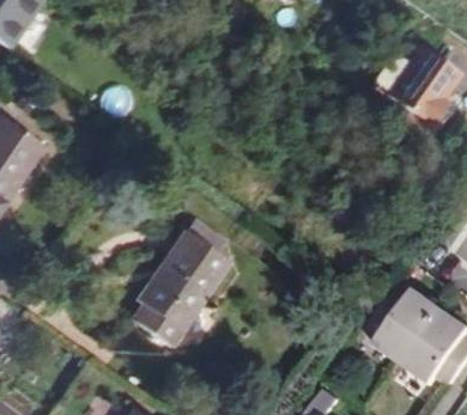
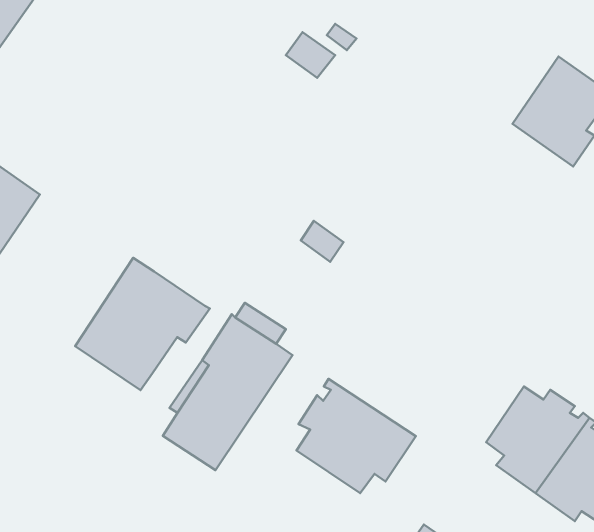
building: none -> [75,258,210,390]
building: none -> [297,379,416,493]

